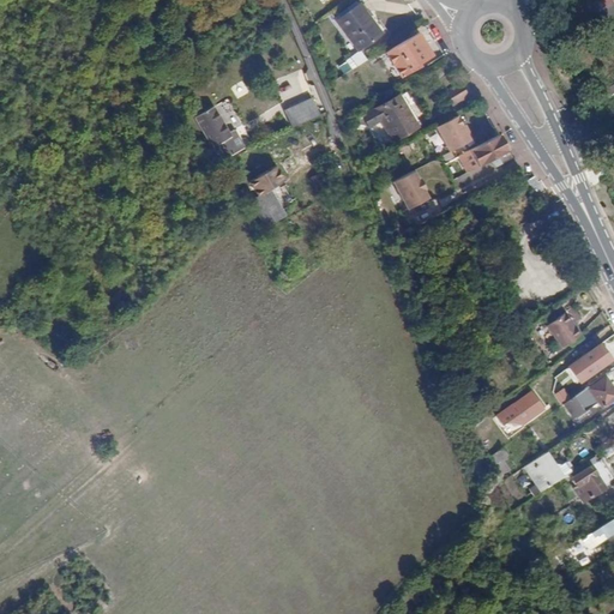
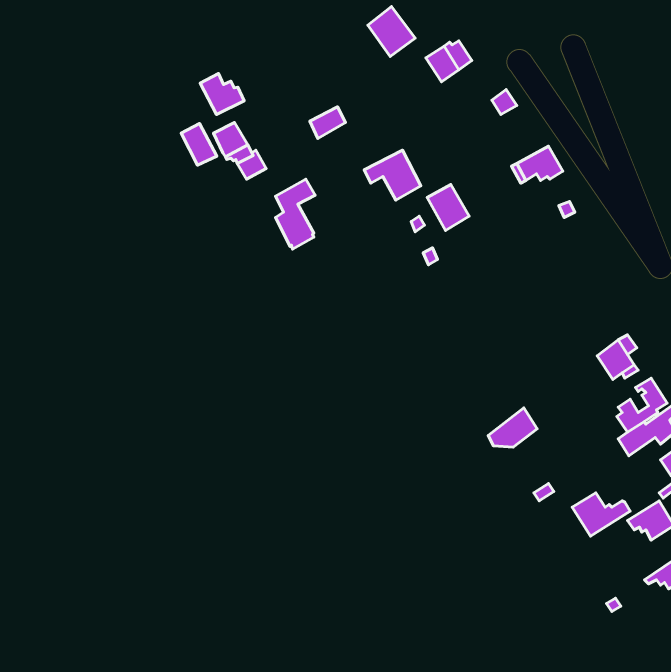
building: none -> [200,74,244,114]
building: [368,98,420,144] -> [364,150,421,200]
building: none -> [181,123,217,165]
building: [437,118,471,152] -> none
building: [499,389,543,425] -> [488,408,537,447]

